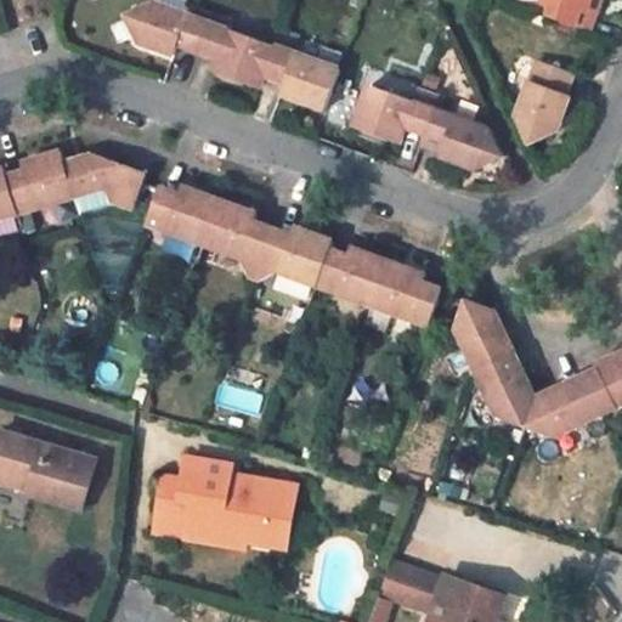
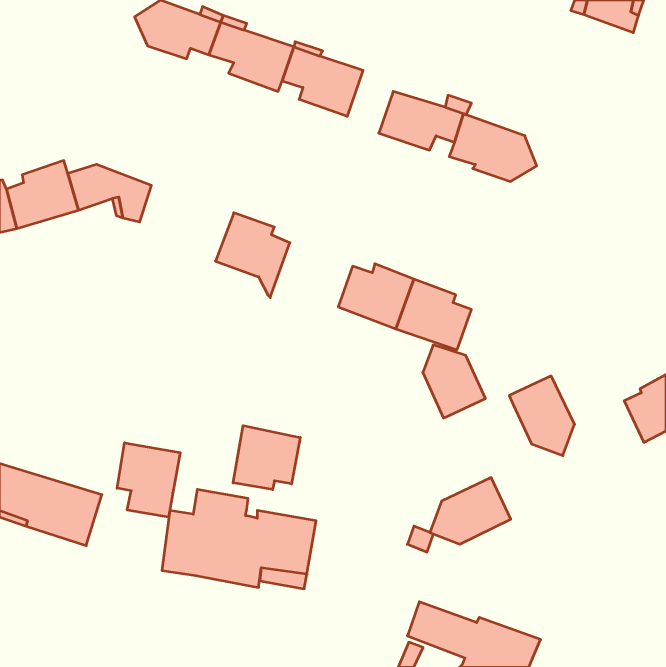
building: [514,60,572,146] -> none
building: [145,185,217,243] -> none
building: [251,226,332,285] -> none
building: [454,300,513,368] -> [423,345,485,418]
building: [524,373,599,435] -> [430,478,511,544]
building: none -> [233,426,300,490]
building: none -> [117,443,180,517]

